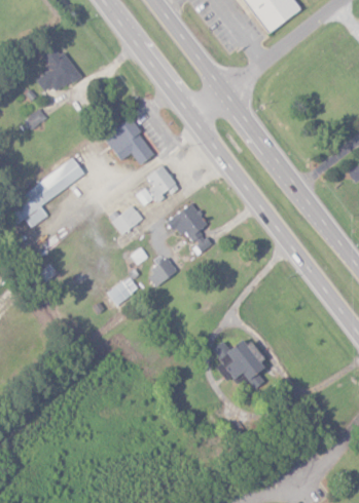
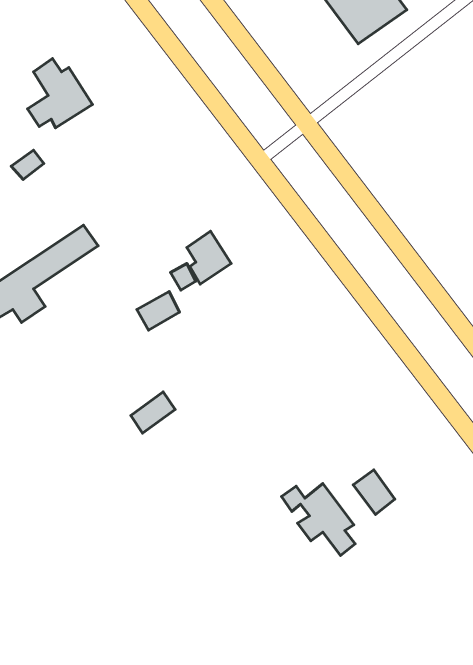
building: [103,118,155,164] -> none
building: [168,203,211,253] -> none
building: [146,259,177,286] -> none
building: none -> [353,470,395,514]

